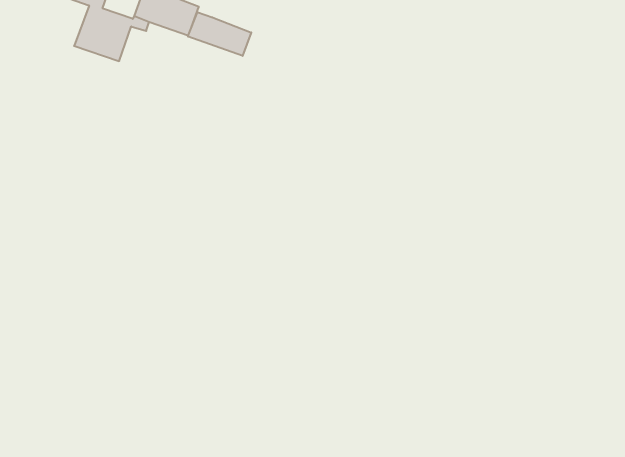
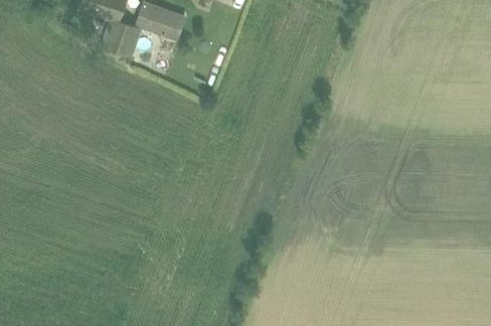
building: [188,12,251,56] -> none

